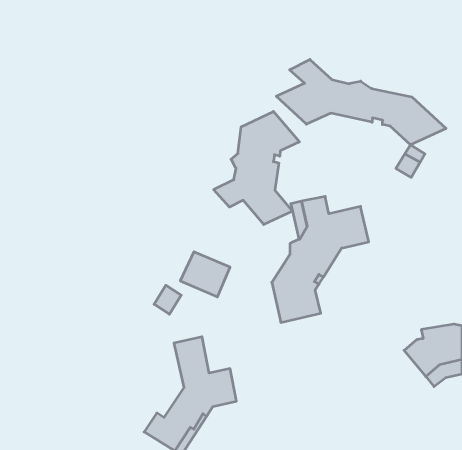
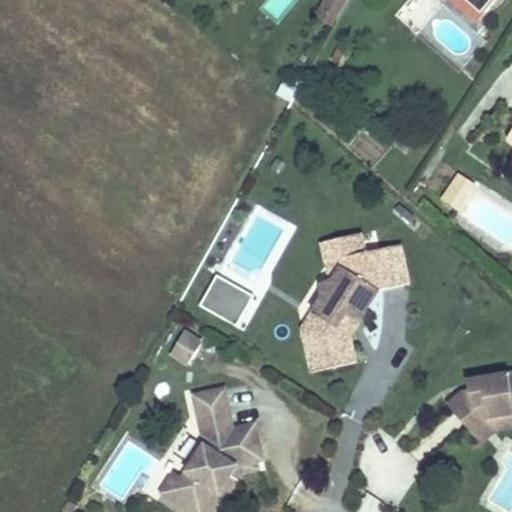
building: [276,59,446,145] -> none
building: [214,111,299,225] -> none

